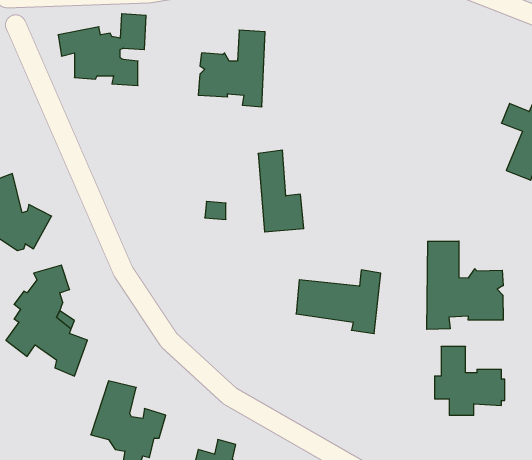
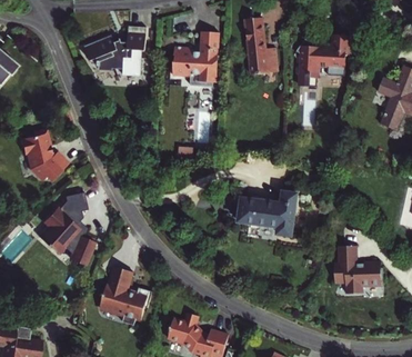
building: none -> [293,34,346,73]
building: [258,150,304,232] -> [244,18,275,73]
building: [427,241,503,329] -> none

